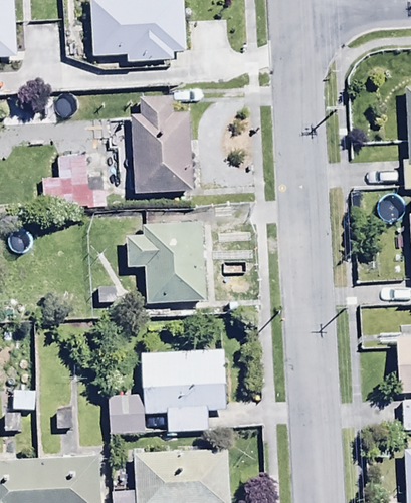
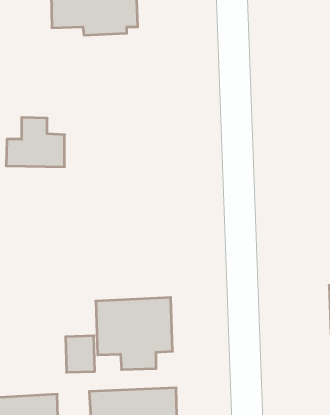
building: [132,98,193,193] -> none
building: [127,222,205,303] -> none

